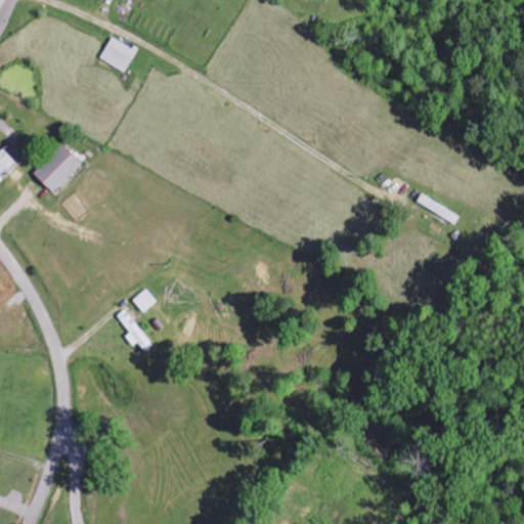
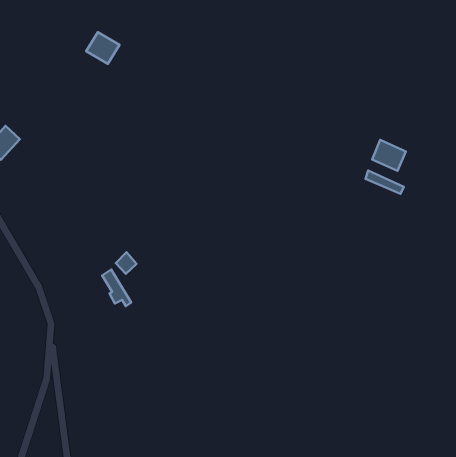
building: [34,143,82,191] -> none
building: none -> [372,140,406,171]

